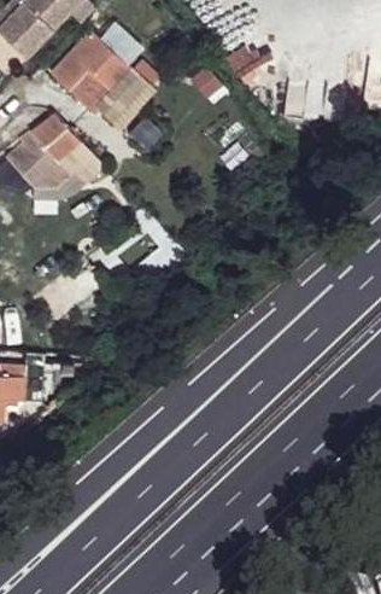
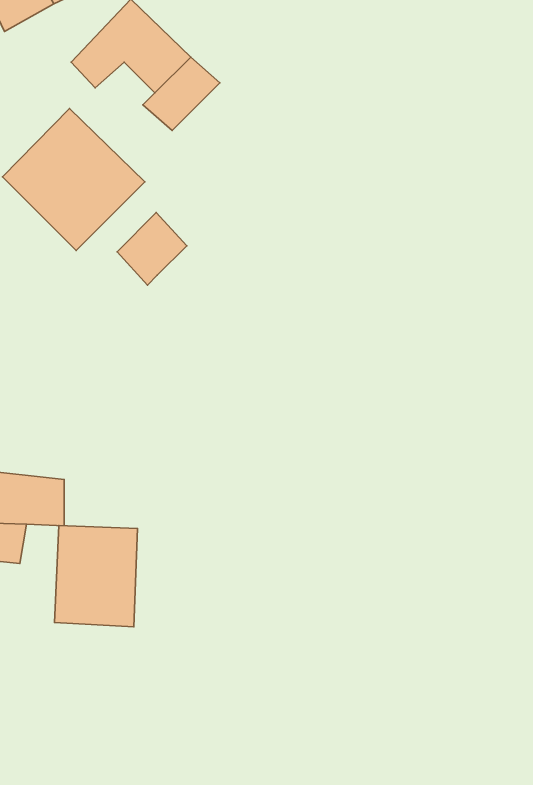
building: none -> [117,213,187,285]
building: none -> [54,526,137,627]

